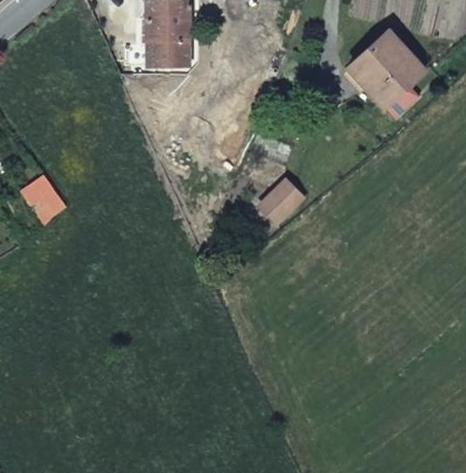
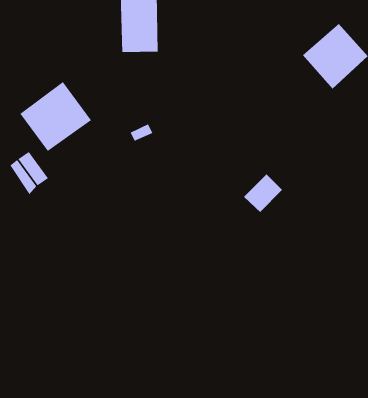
building: none -> [20,81,92,152]
building: [258,179,302,223] -> [243,174,283,213]

